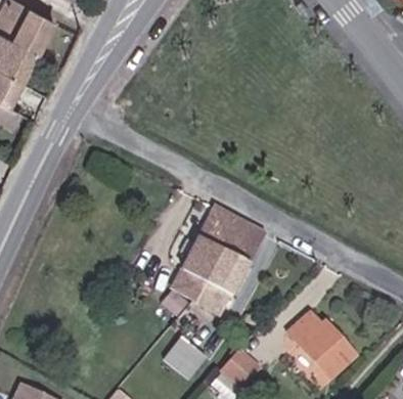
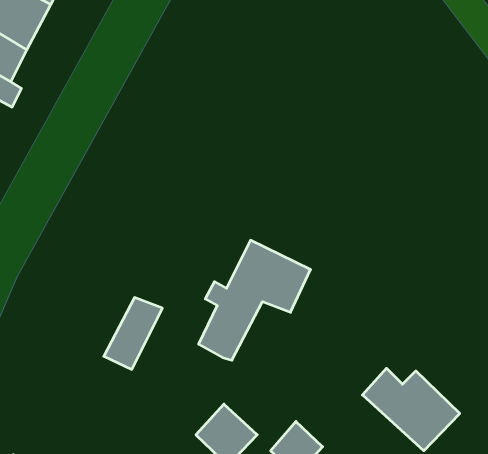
building: [191,257,236,312] -> [104,298,162,369]

